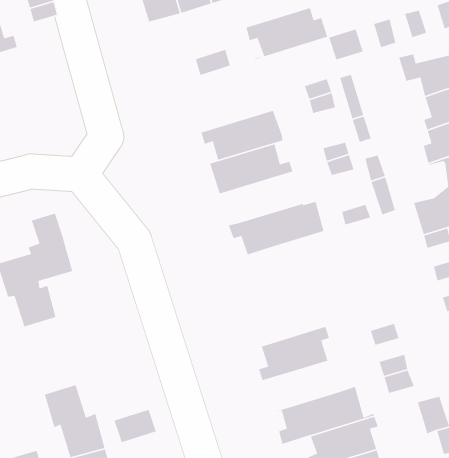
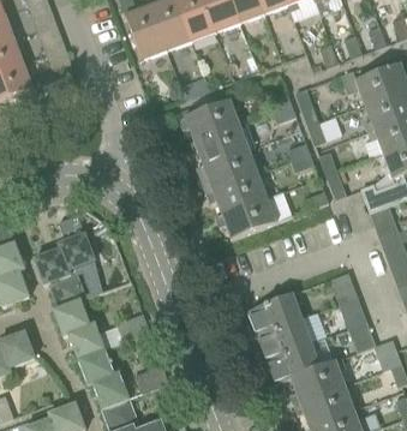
building: [245,7,328,60] -> [179,100,245,144]
building: none -> [207,170,274,214]
building: none -> [54,298,150,359]
building: none -> [250,316,311,361]

